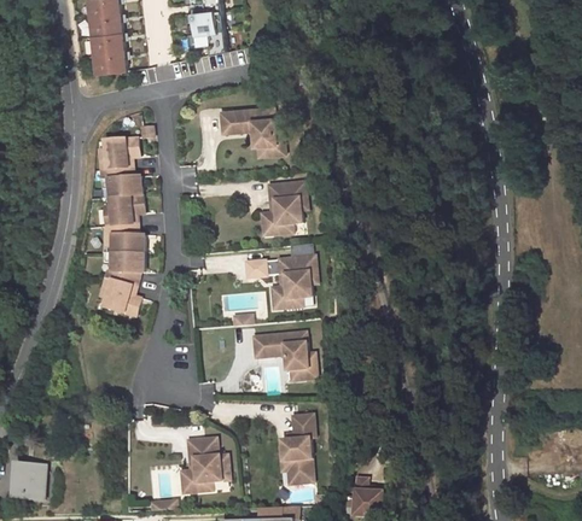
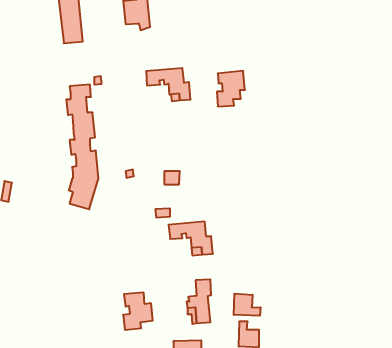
building: [264,183,305,235] -> [217,71,245,106]
building: [277,257,318,310] -> none
building: none -> [234,294,261,316]
building: [10,462,39,499] -> none

